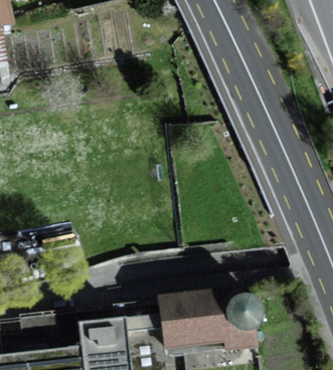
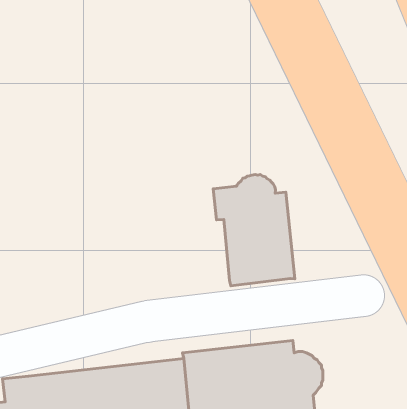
building: none -> [213,175,295,286]

